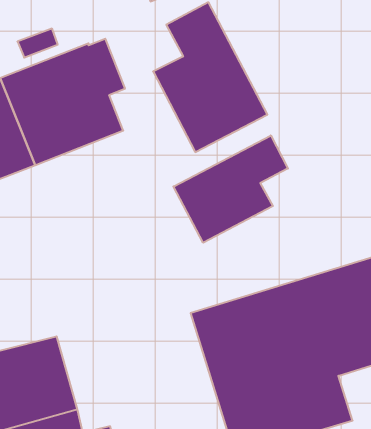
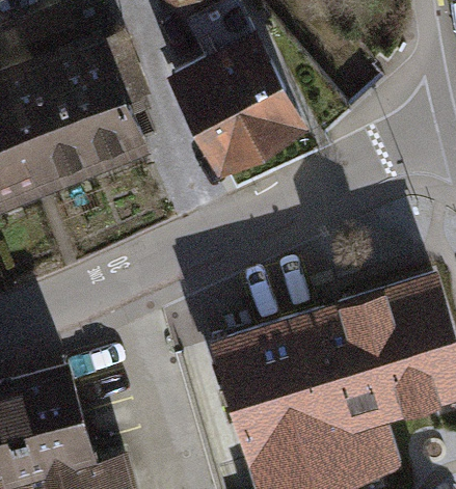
building: [173,135,288,243] -> none

